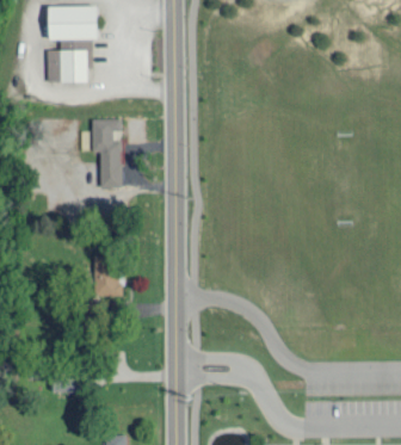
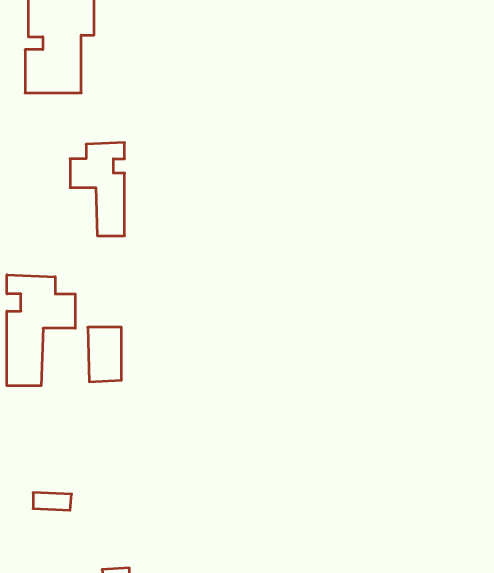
building: none -> [7,275,75,386]

